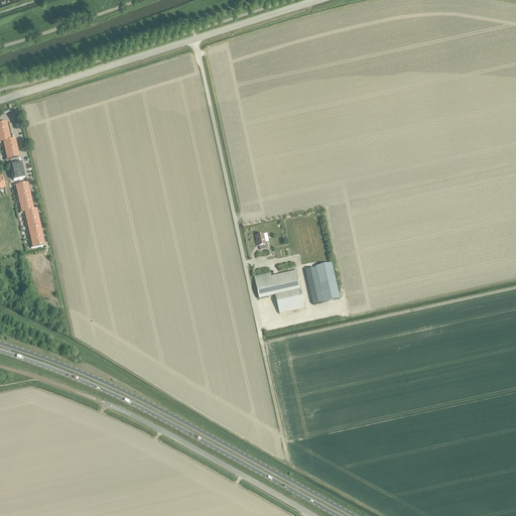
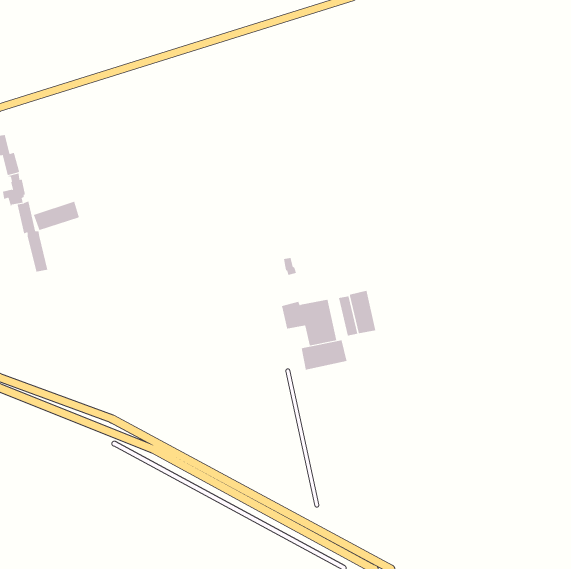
building: none -> [33,201,79,231]
building: none -> [301,340,347,371]

